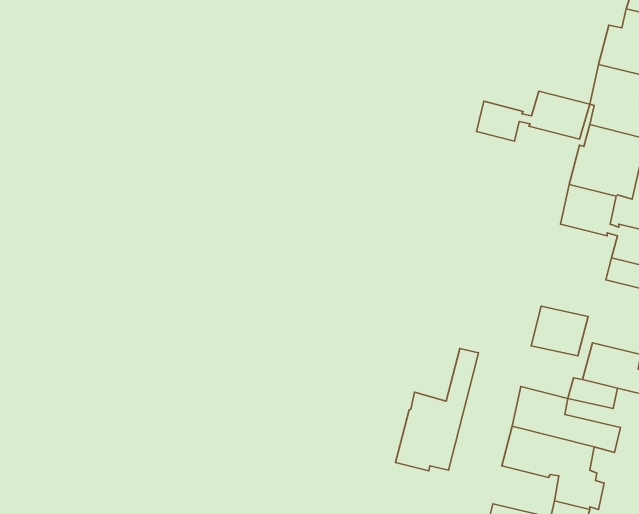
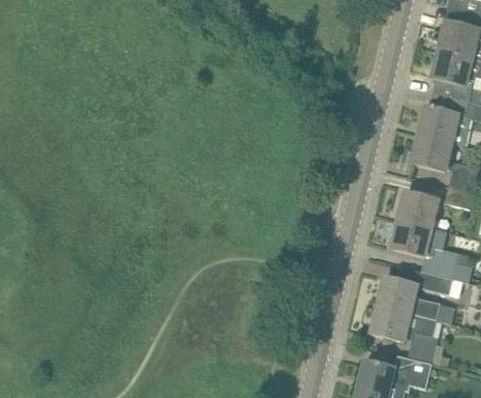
building: [476,91,590,141] -> none
building: none -> [398,193,438,228]
building: [395,348,479,471] -> none

